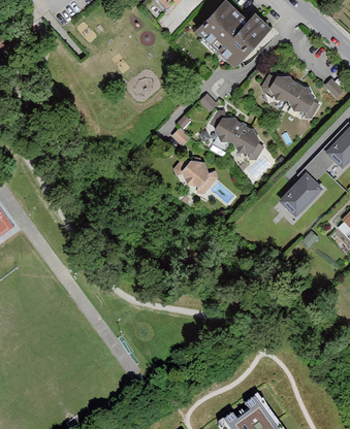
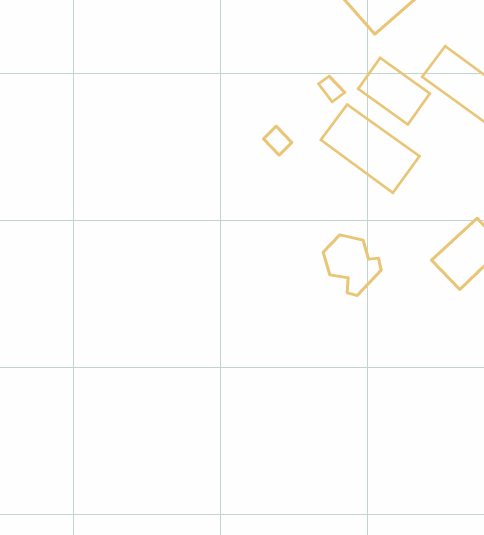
building: none -> [358,58,430,125]
building: [180,159,216,195] -> [323,235,381,295]

